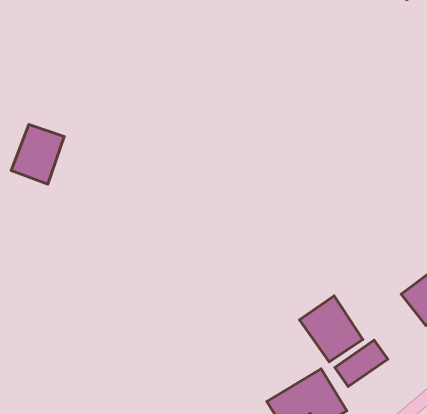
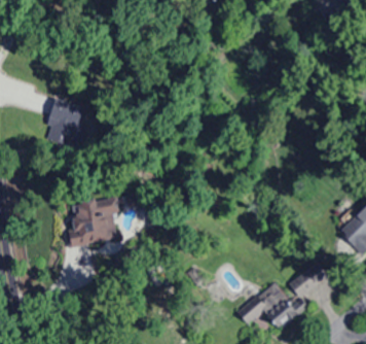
building: none -> [72,197,118,242]
building: [300,296,363,362] -> none

